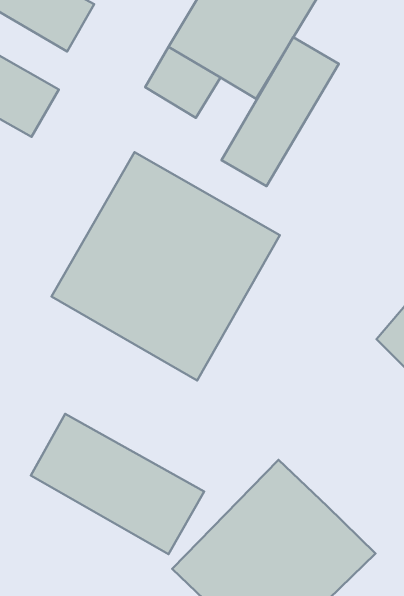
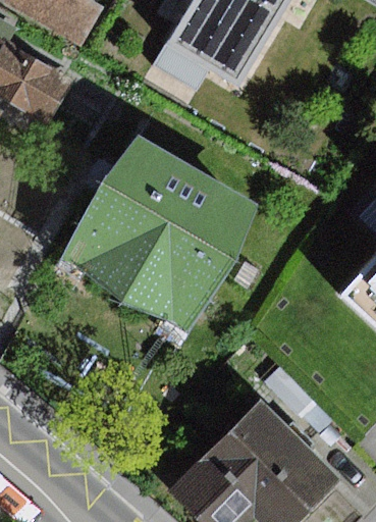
building: [222,37,339,186] -> none
building: [31,414,204,554] -> none

